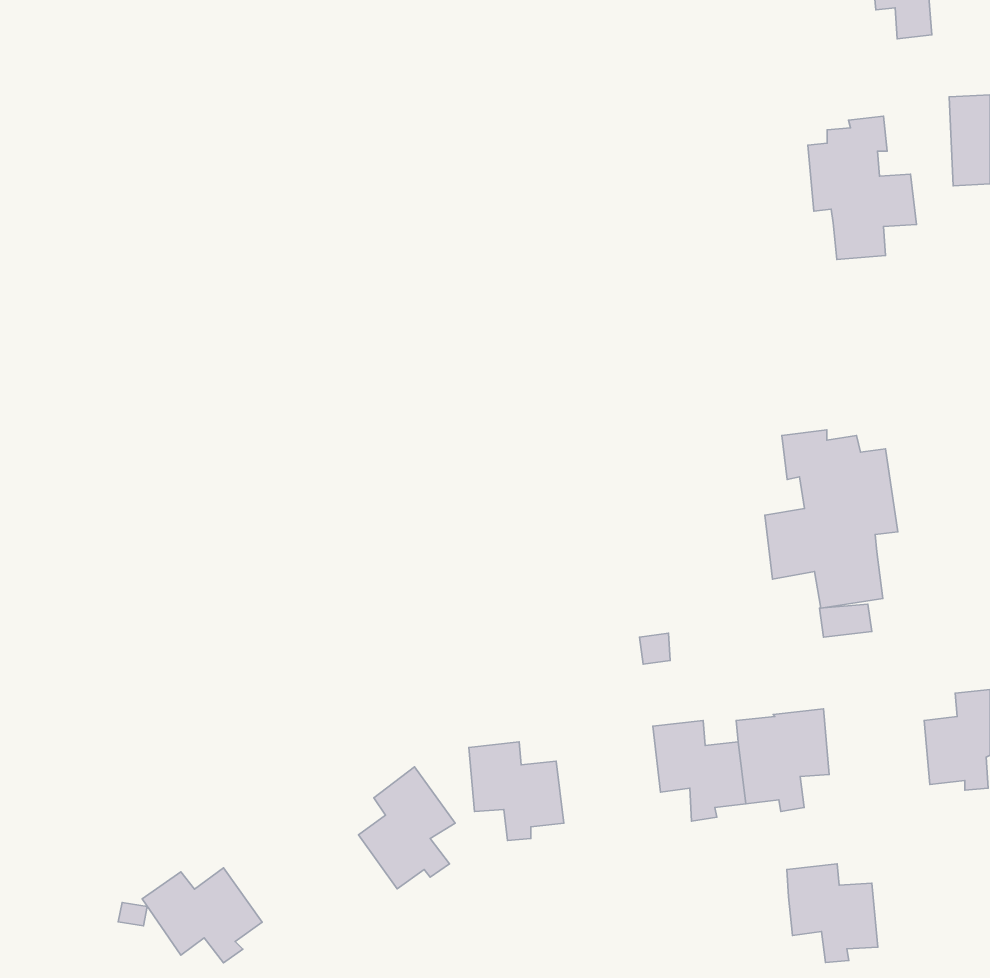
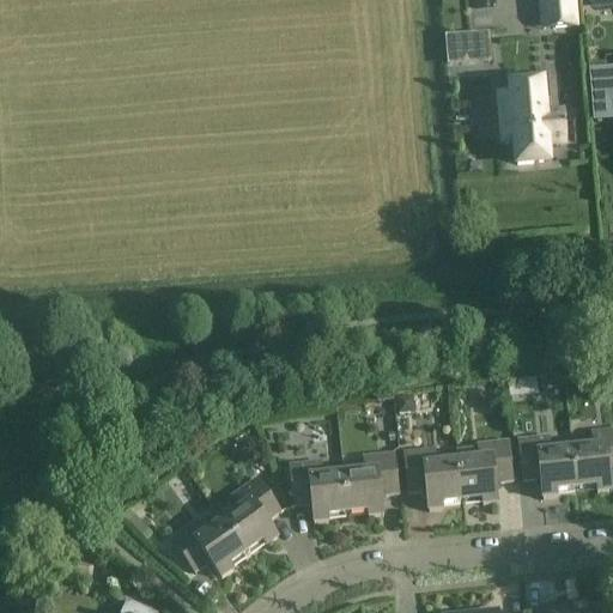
building: none -> [444,28,492,62]
building: [765,430,898,608] -> none
building: none -> [344,450,399,514]
building: [787,864,878,963] -> [518,433,575,494]
building: [142,868,262,963] -> [171,516,245,575]

